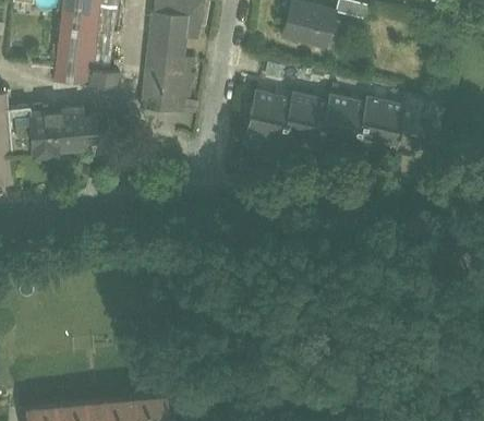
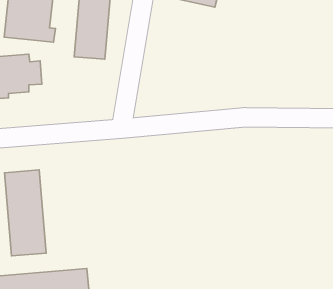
building: [244,88,399,137] -> none
building: none -> [4,170,46,256]

